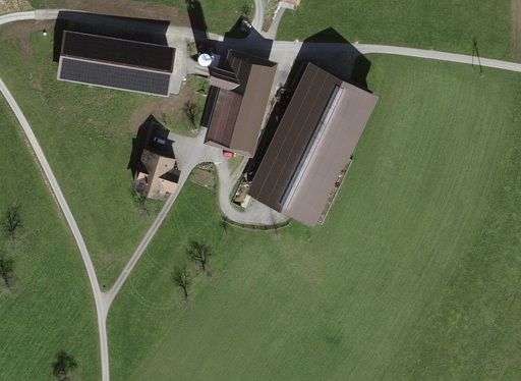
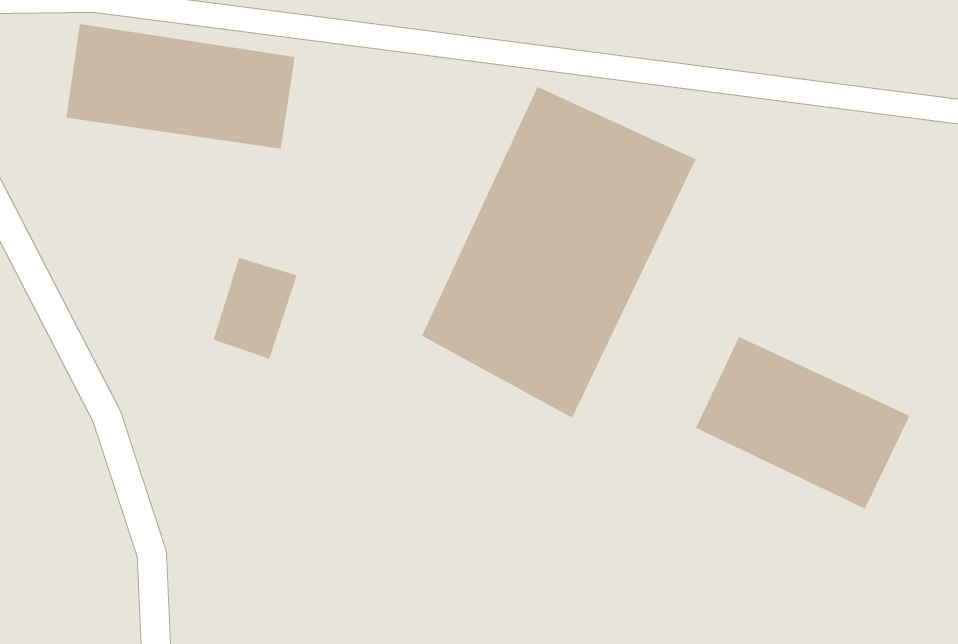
building: [207,52,277,152] -> none
building: none -> [695,336,910,509]

